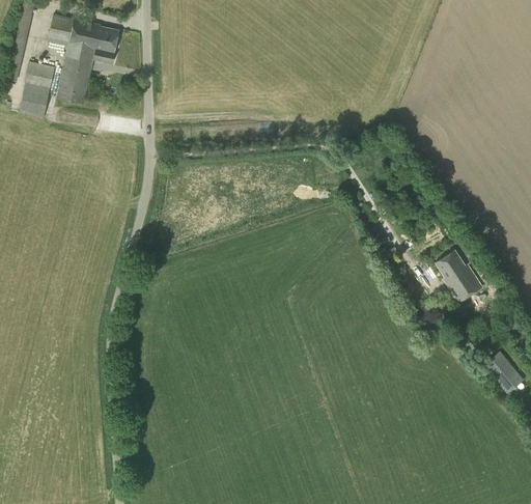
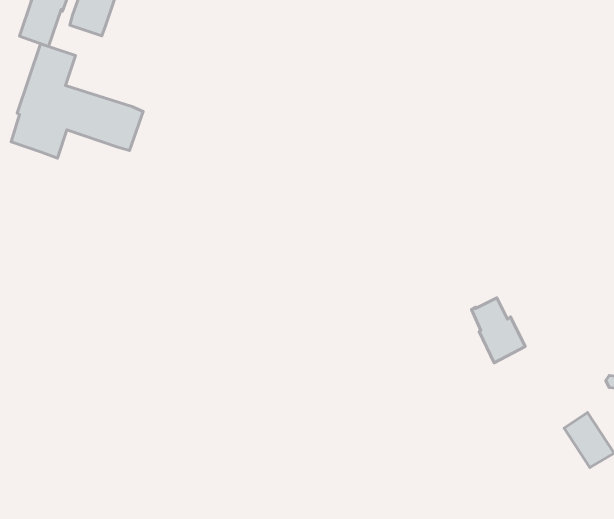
building: none -> [11,44,143,158]
building: [436,249,481,300] -> [471,298,525,363]

